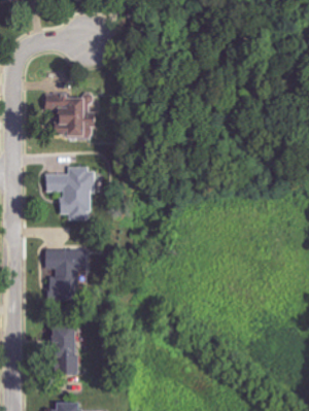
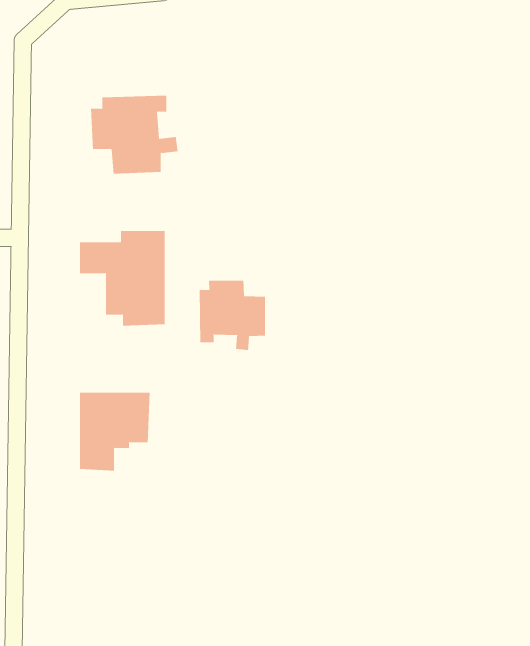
building: none -> [199,280,266,351]
building: [50,326,75,375] -> none

